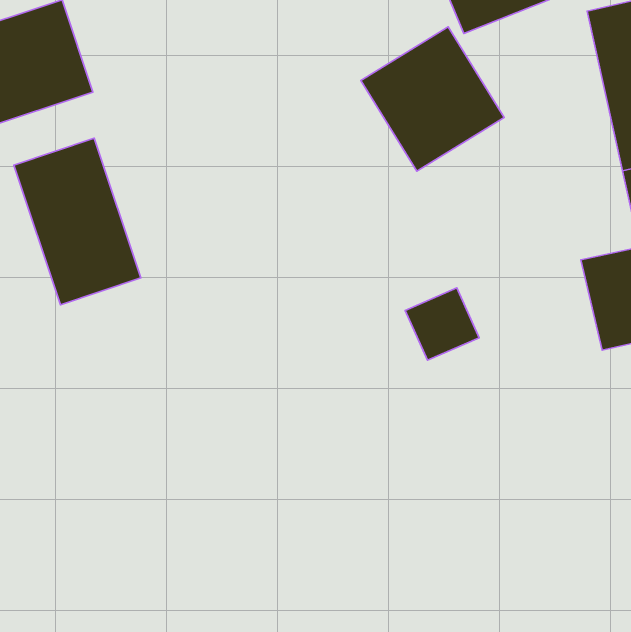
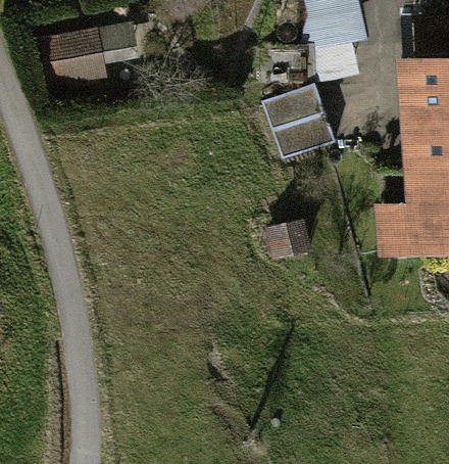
building: [14,138,141,305] -> none

